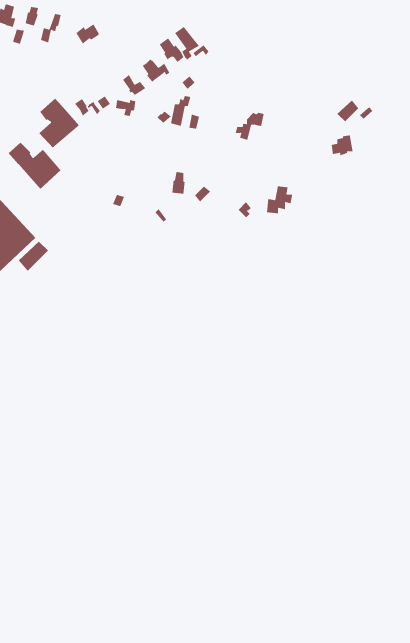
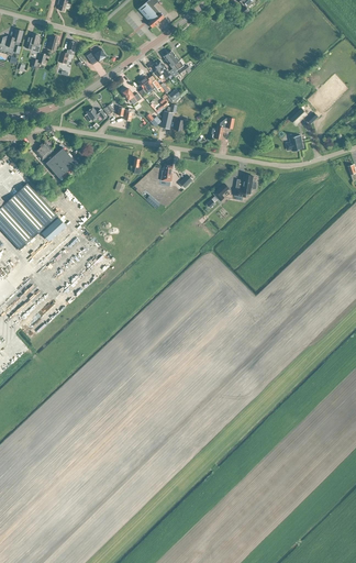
building: [39,98,80,149] -> none

